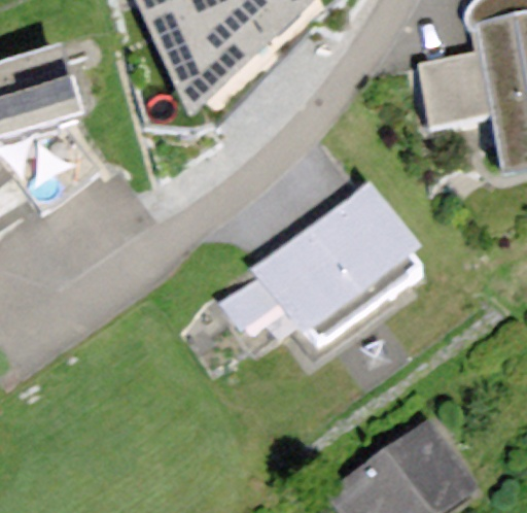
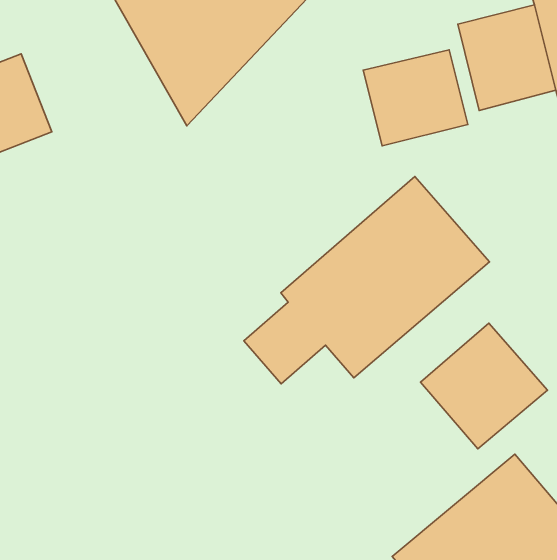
building: none -> [363,50,468,146]
building: none -> [420,323,547,449]

